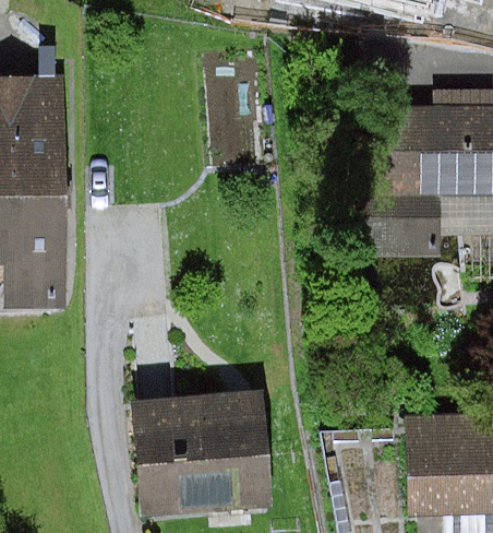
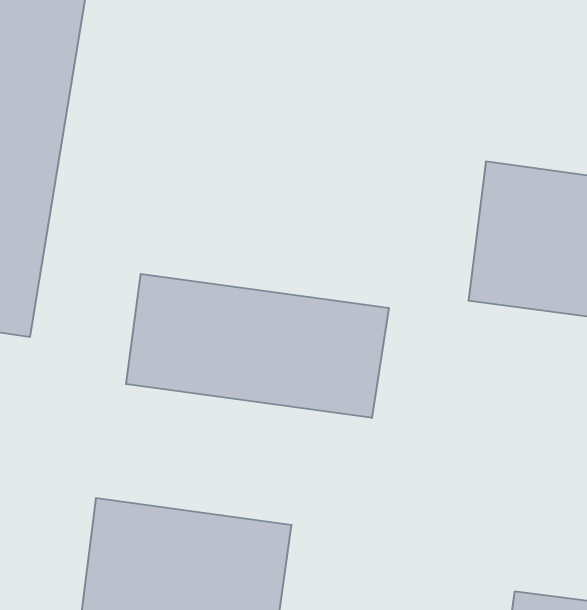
building: none -> [126,274,389,418]

